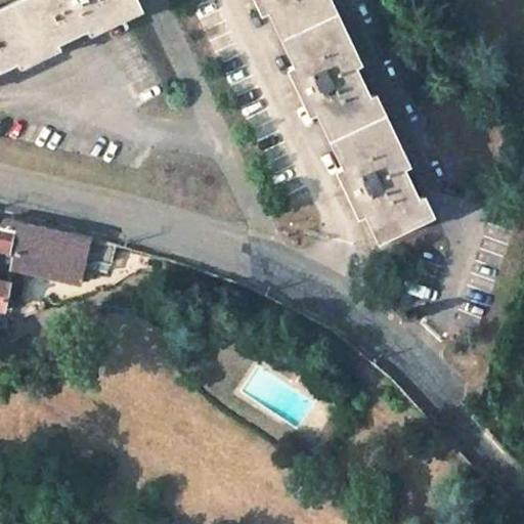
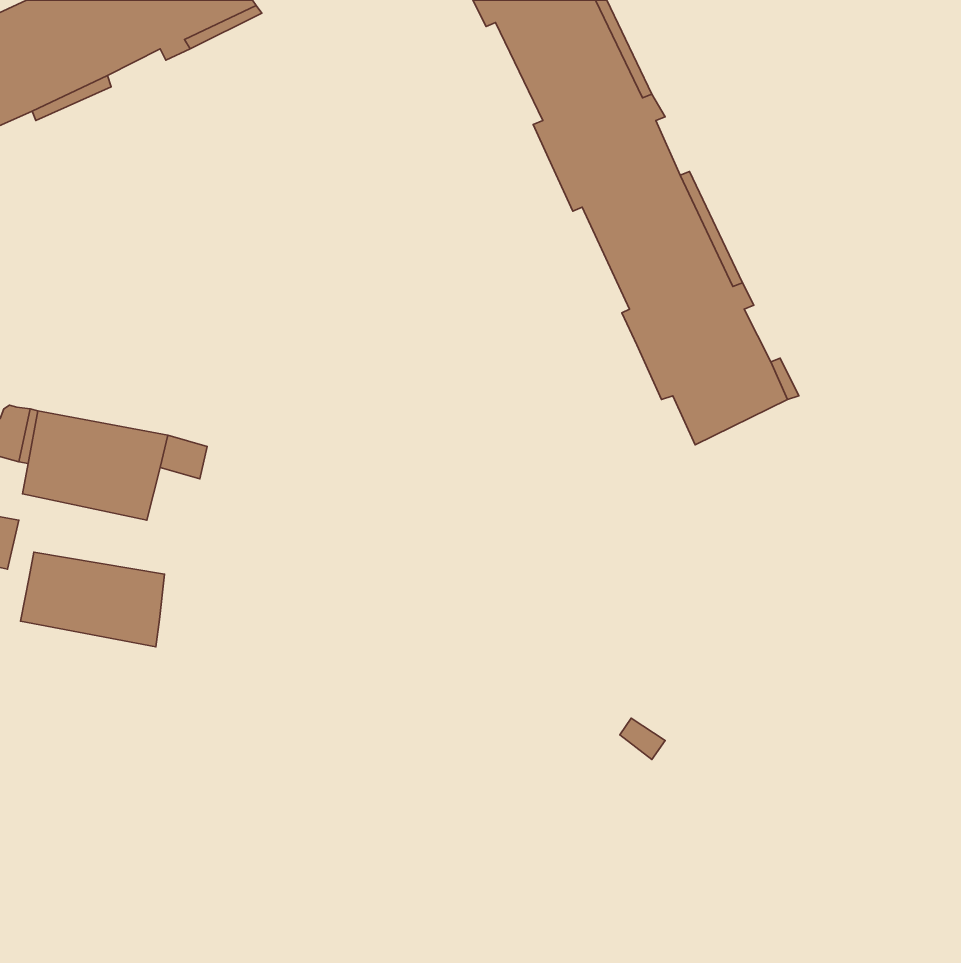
building: none -> [20,552,165,647]

